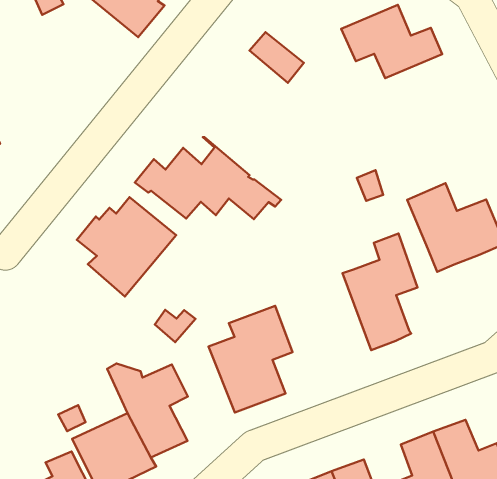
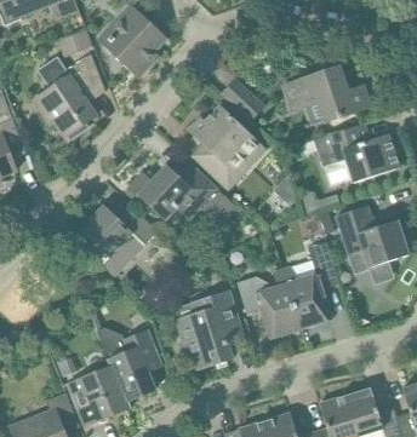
building: none -> [38,53,105,139]
building: none -> [188,105,265,189]
building: none -> [314,122,396,183]
building: none -> [236,269,301,338]

